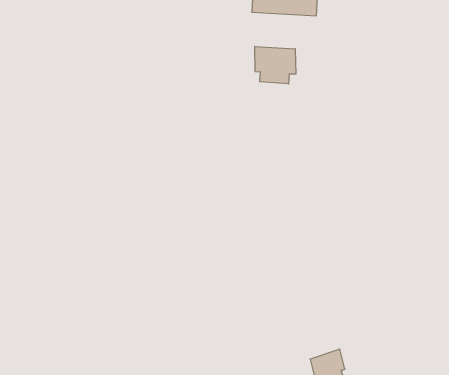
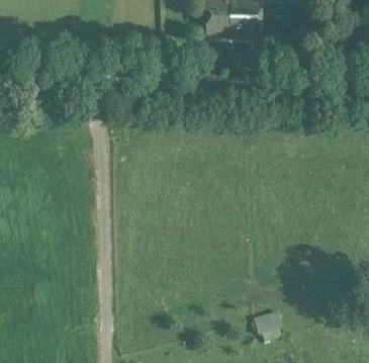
building: [255,46,296,84] -> none

